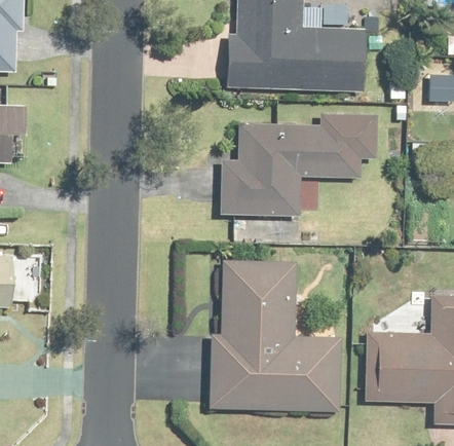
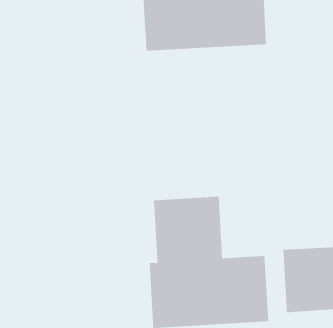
building: [219,116,378,218] -> none

